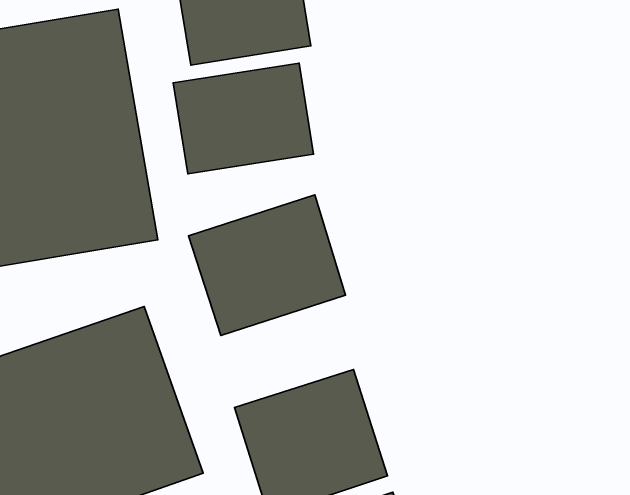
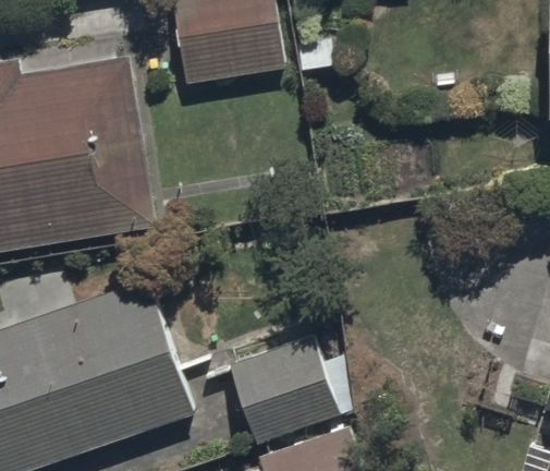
building: [173,63,314,174] -> none
building: [189,195,346,336] -> none

